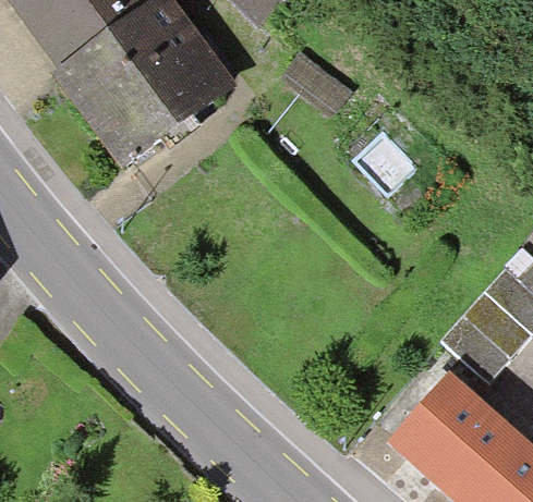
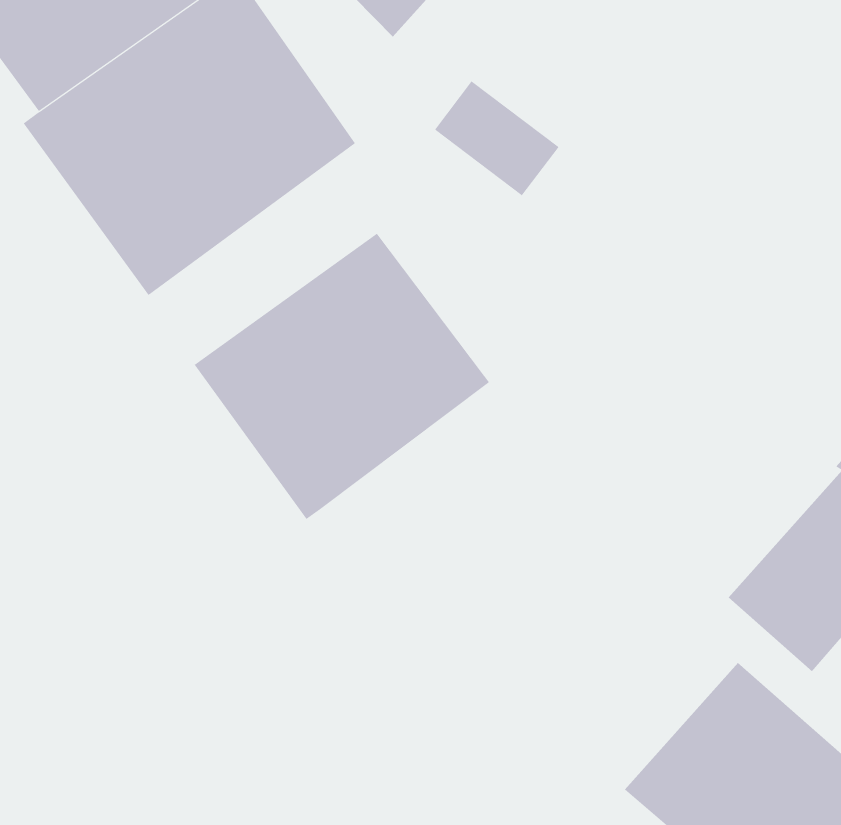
building: none -> [194,233,490,520]

